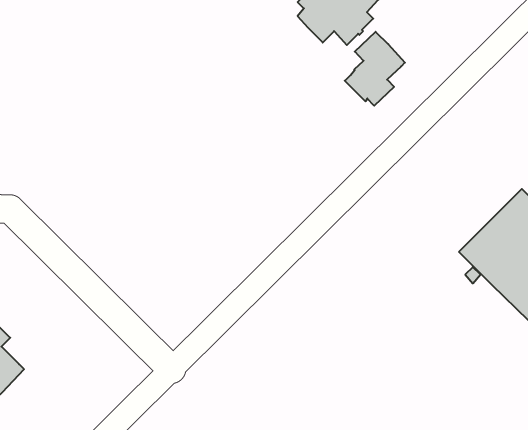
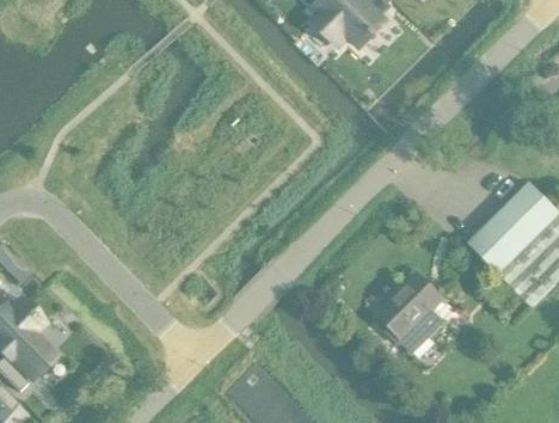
building: [345,32,405,106] -> none
building: none -> [374,271,443,352]

